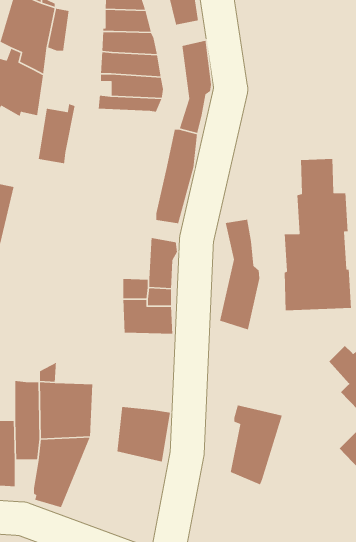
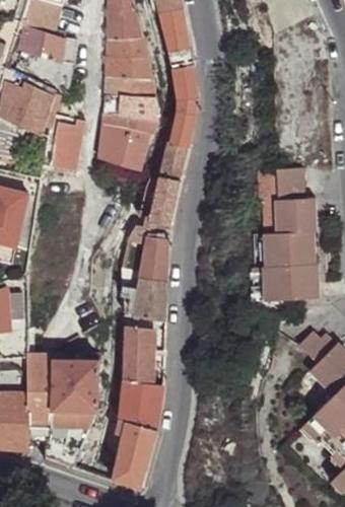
building: none -> [99,125,145,162]
building: [219,219,260,330] -> none
building: none -> [121,328,152,384]
building: [230,405,283,486] -> [111,421,156,491]

